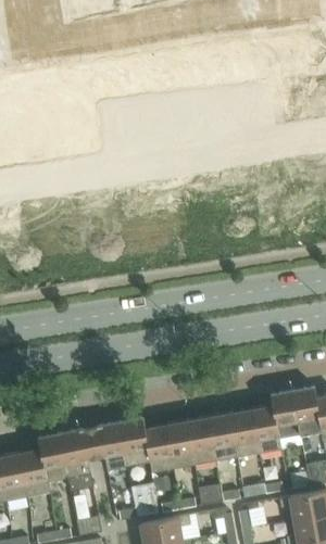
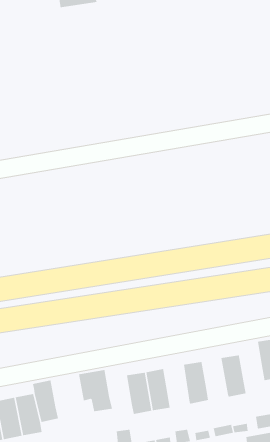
building: [269,390,299,448] -> none
building: [229,408,259,456] -> none
building: [186,416,215,465] -> none
building: [120,417,149,466] -> none
building: [59,427,95,491] -> none

